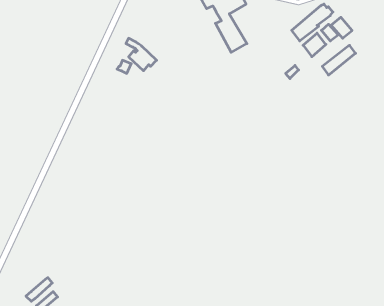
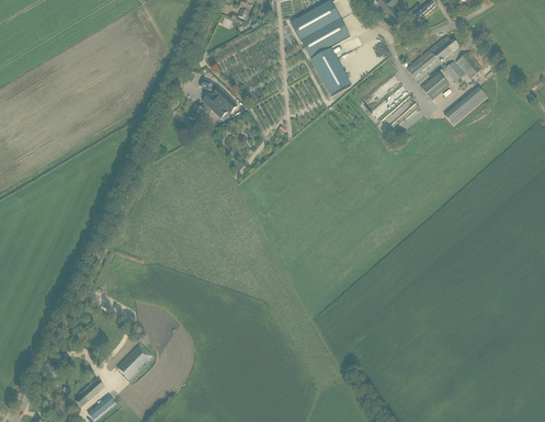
building: none -> [117,342,152,378]

